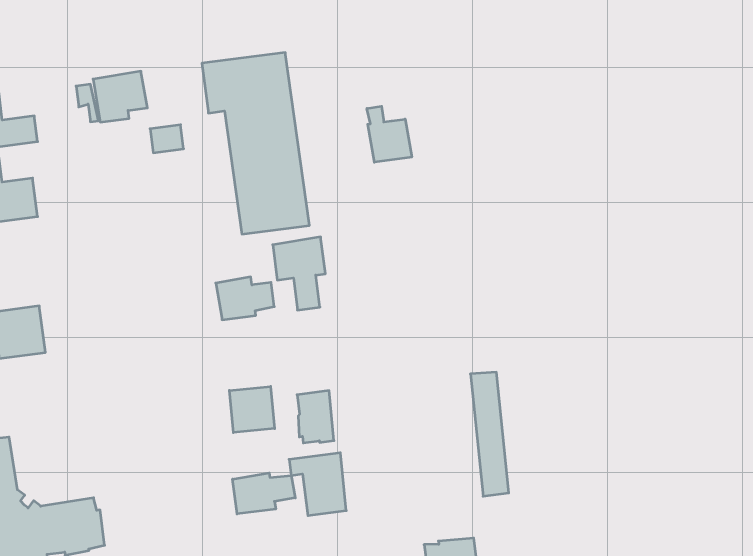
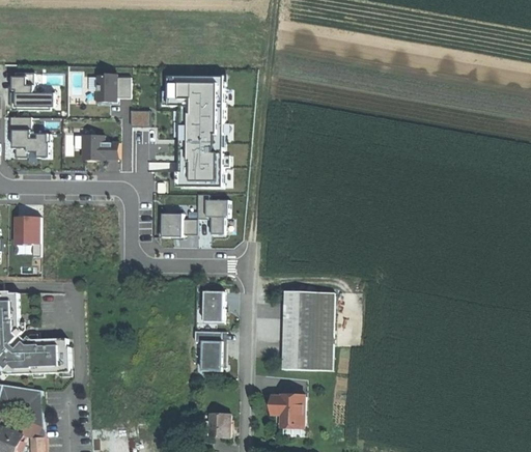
building: [367,106,412,162] -> none
building: none -> [83,134,119,160]
building: none -> [281,291,314,371]
building: [229,386,275,433] -> none
building: [233,473,295,514] -> none

